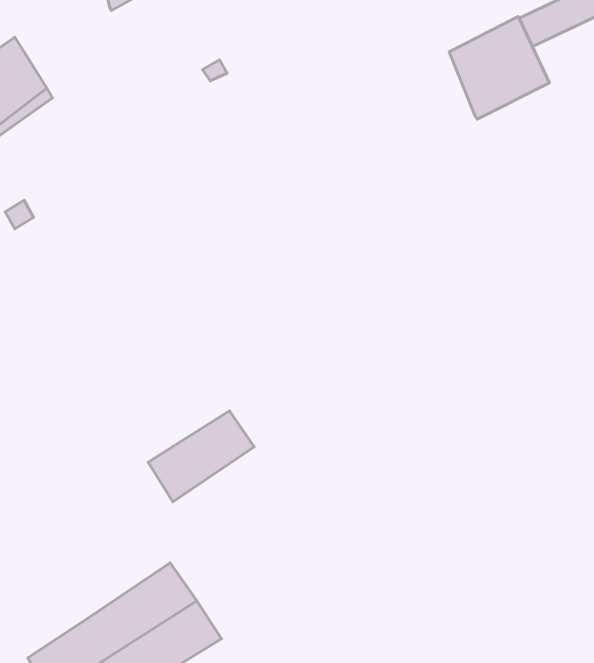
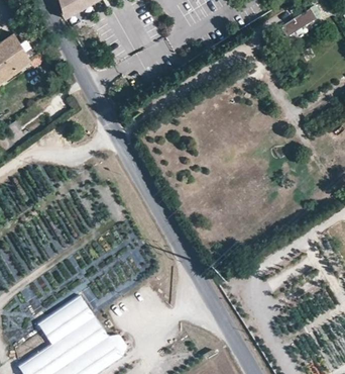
building: [449,16,550,119] -> none
building: [148,411,254,502] -> [39,294,96,343]

